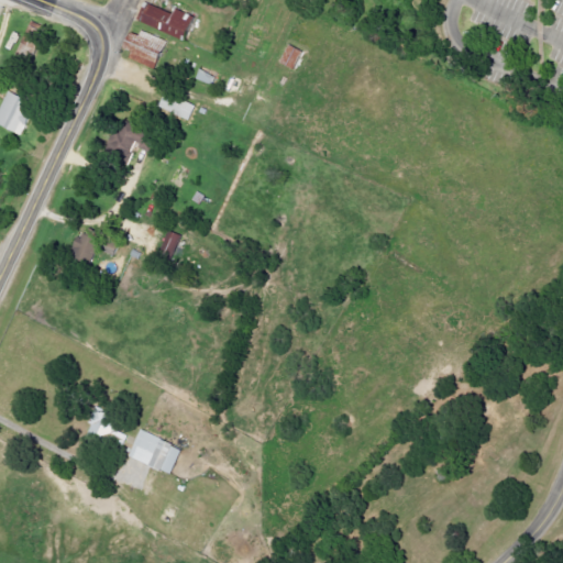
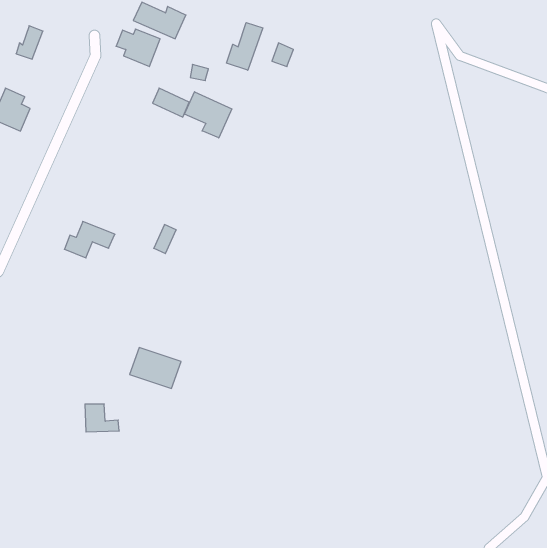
building: none -> [226,23,263,70]
building: none -> [185,92,232,138]
building: [108,120,156,164] -> none
building: [126,430,179,472] -> [130,348,181,388]

